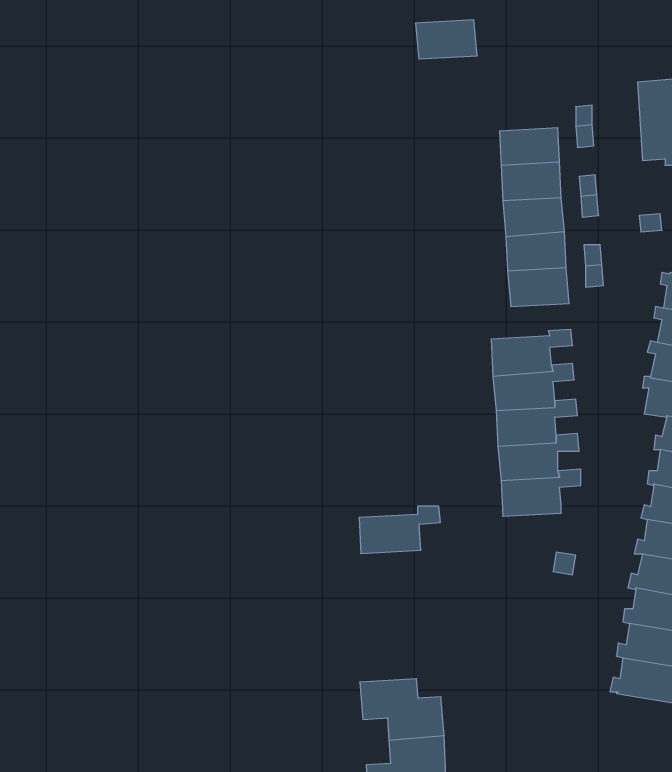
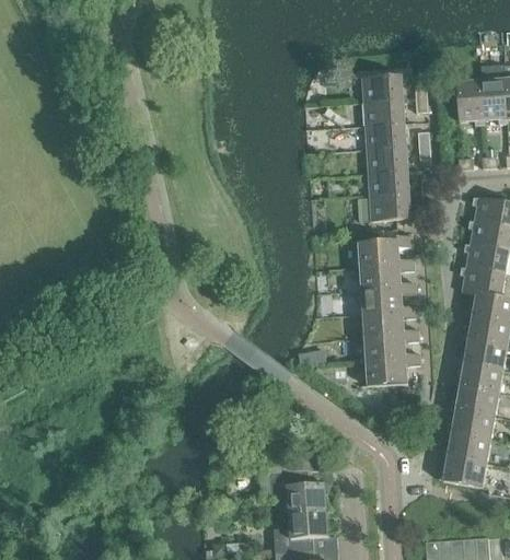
building: [415,20,477,59] -> [361,75,403,102]
building: [359,506,440,553] -> [366,353,420,385]

